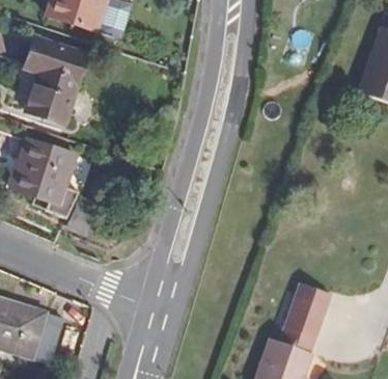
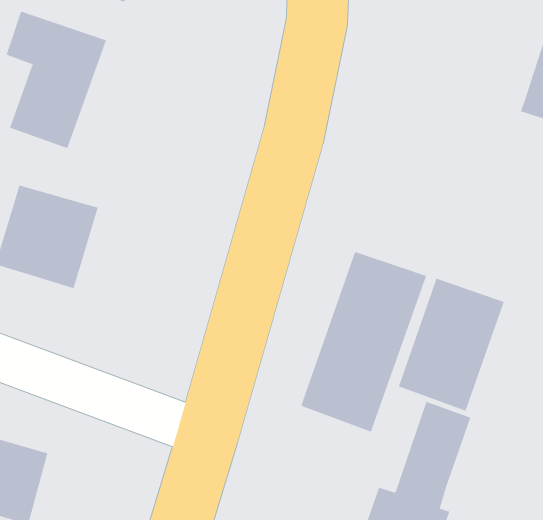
building: none -> [301,251,427,432]
building: none -> [398,278,505,412]

